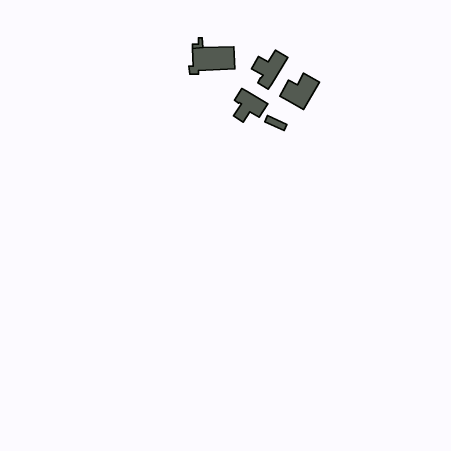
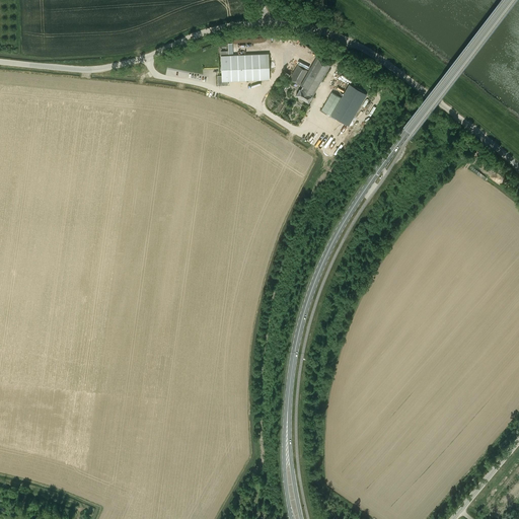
building: [233,88,268,122] -> none

